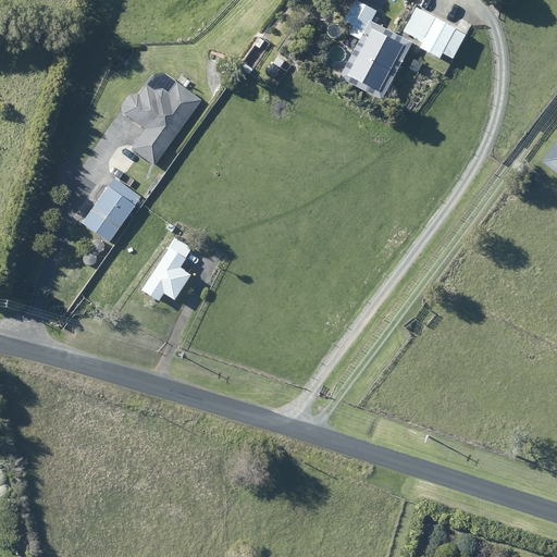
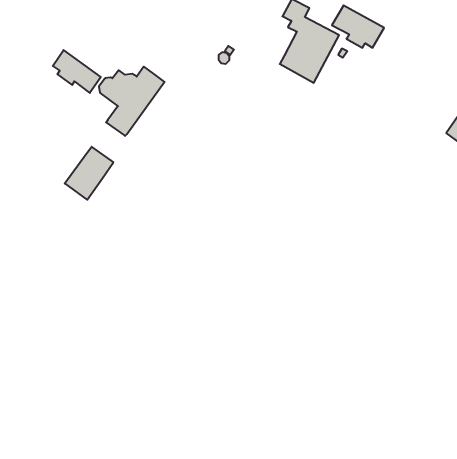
building: none -> [53,50,101,93]
building: [141,237,191,299] -> none

